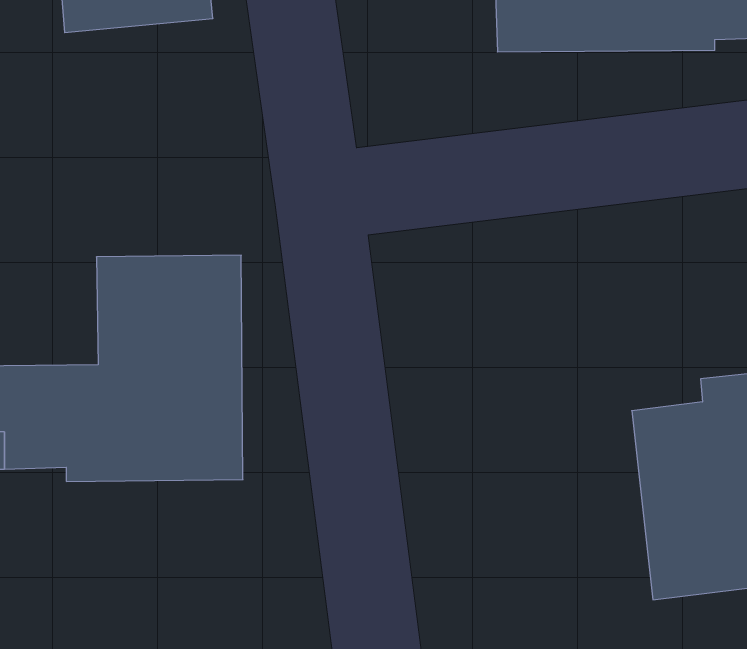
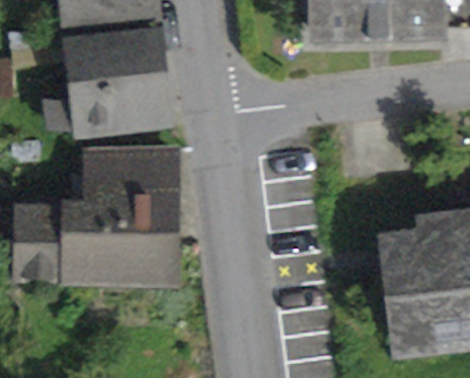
building: none -> [43,31,164,137]

